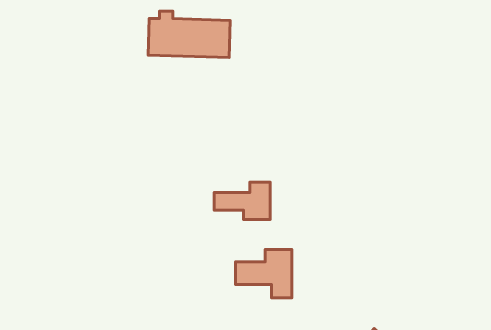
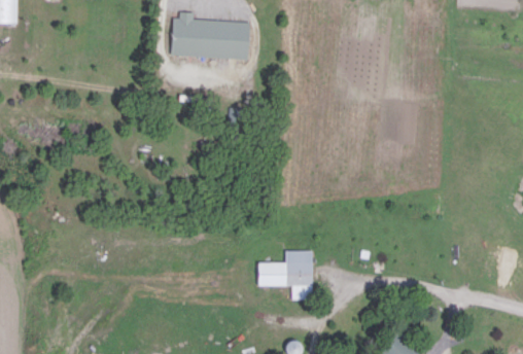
building: [214,182,270,220] -> none

